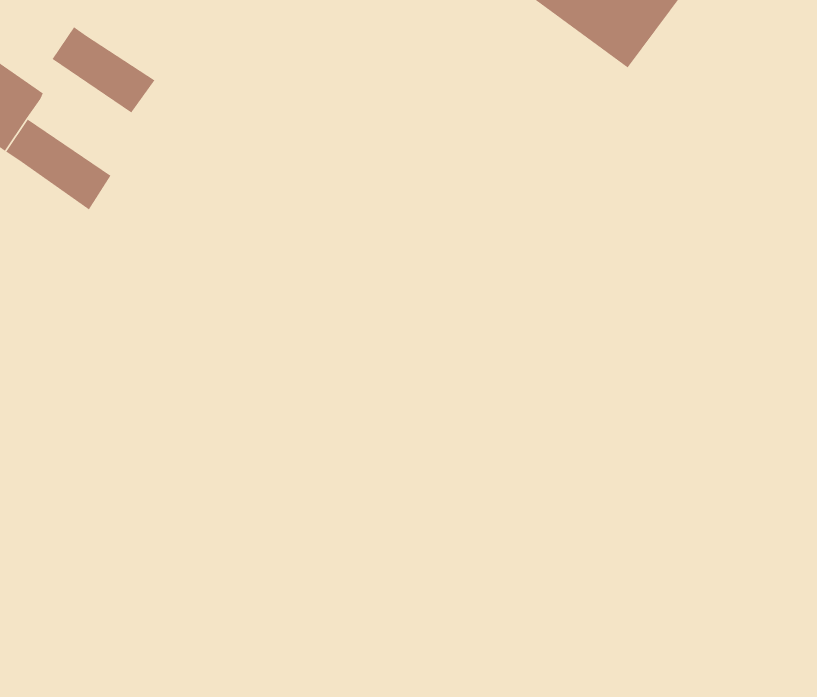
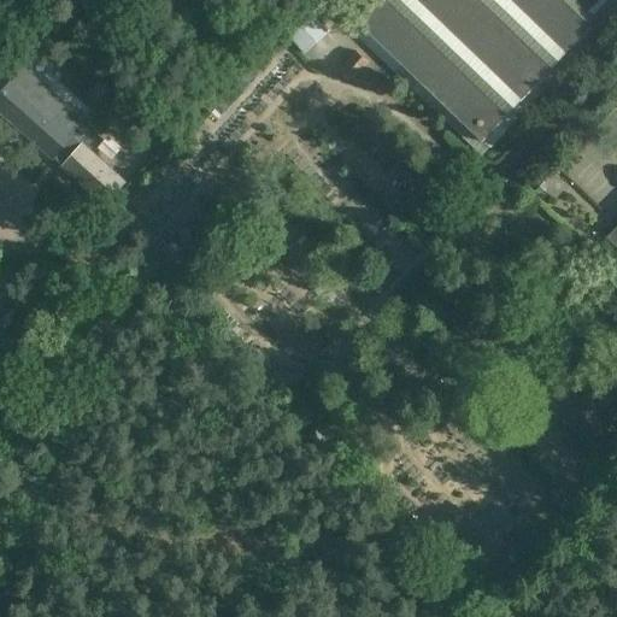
building: [51,26,155,113] -> none

